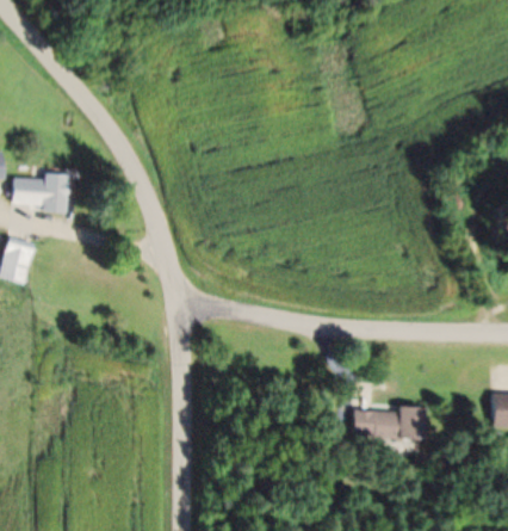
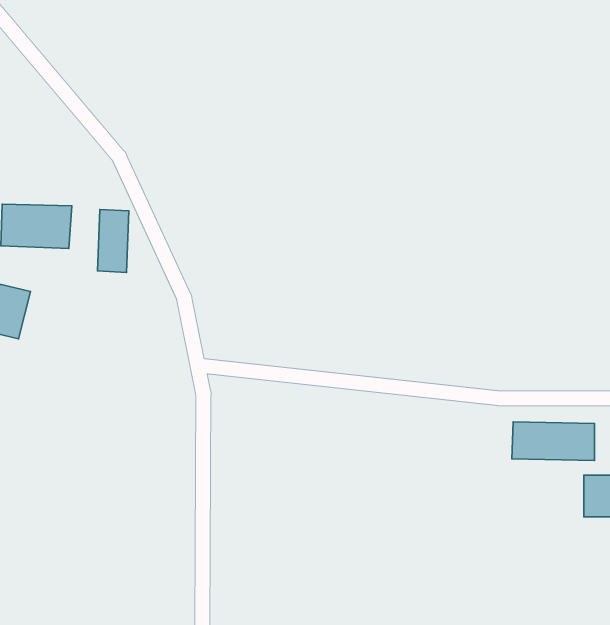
building: none -> [98,209,129,272]
building: [348,408,415,439] -> [512,422,595,460]

